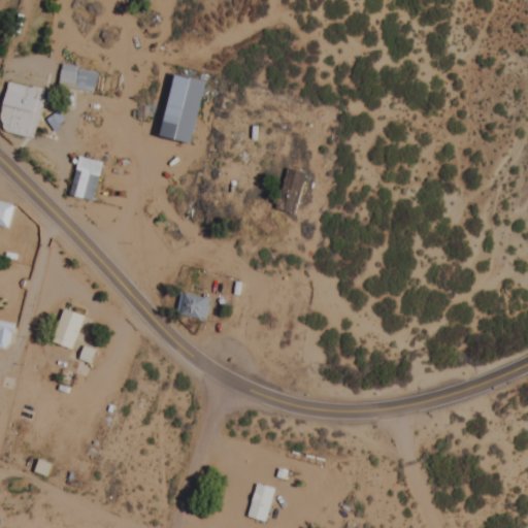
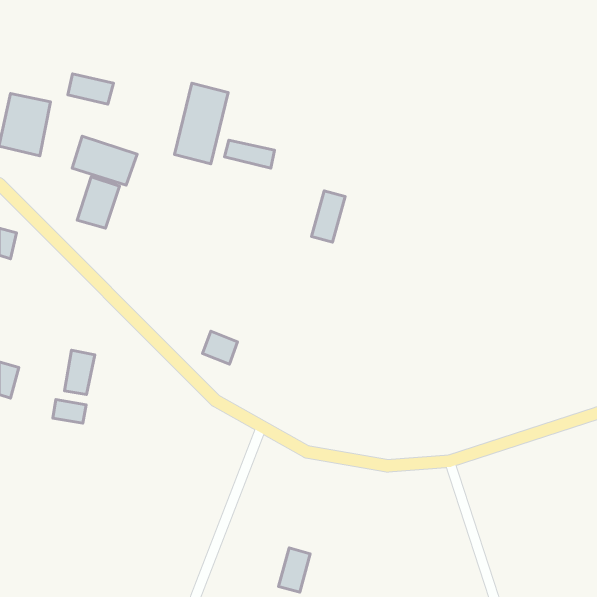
building: none -> [72,136,137,185]
building: none -> [224,140,274,168]
building: none -> [53,400,86,423]

